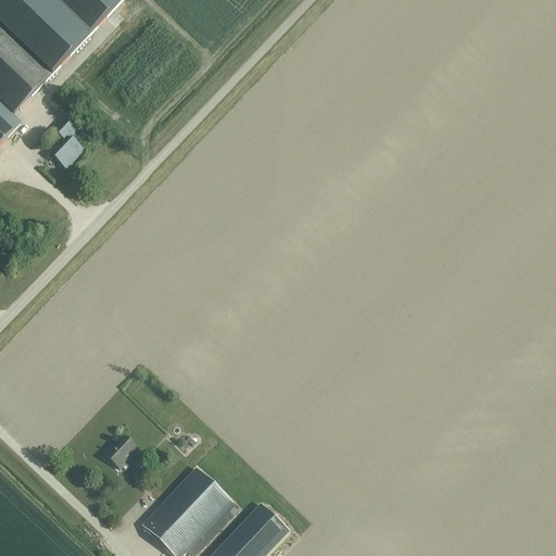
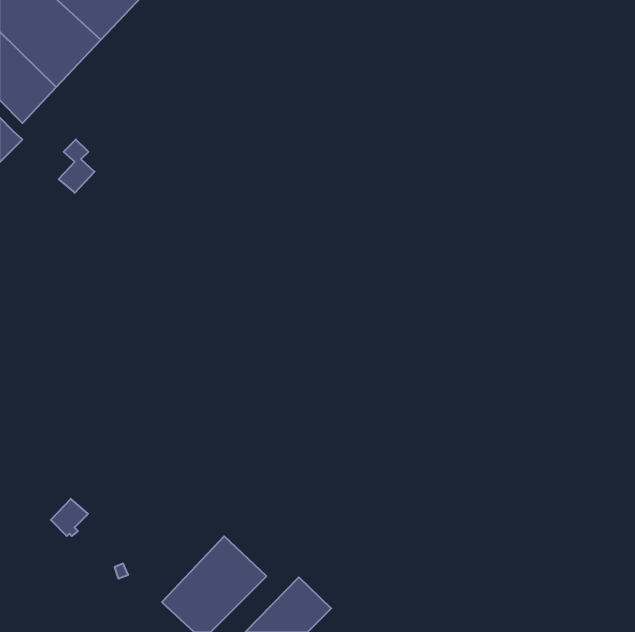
building: [105,435,138,468] -> [51,499,88,536]

